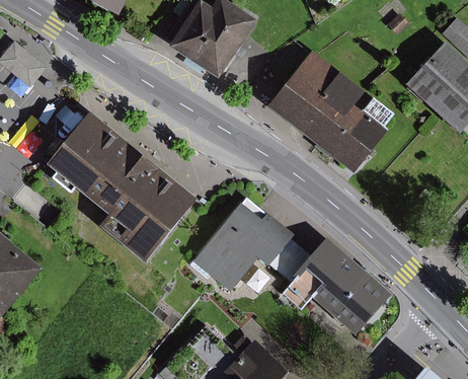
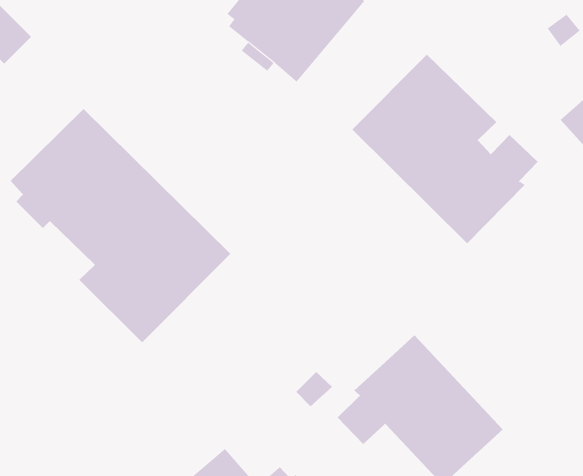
building: [190,199,309,291] -> none

